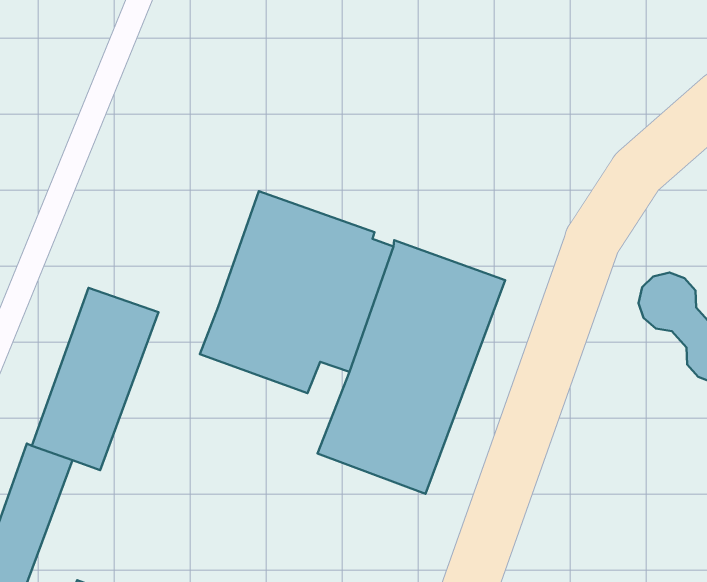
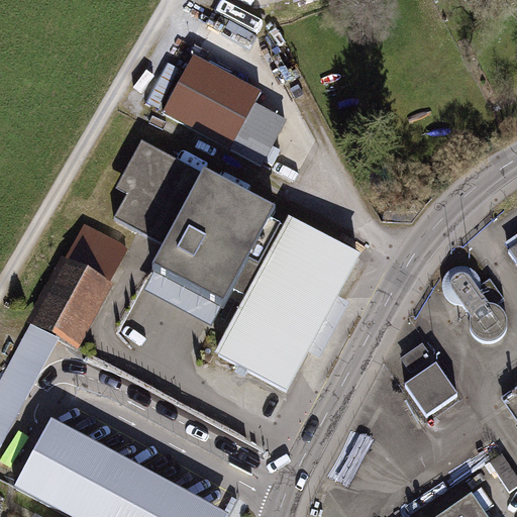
building: none -> [164,58,283,165]
building: none -> [114,148,205,248]
building: none -> [390,341,457,417]

